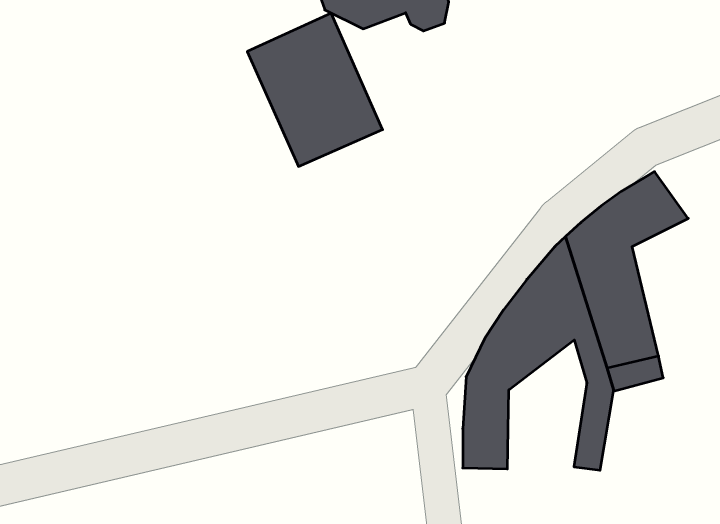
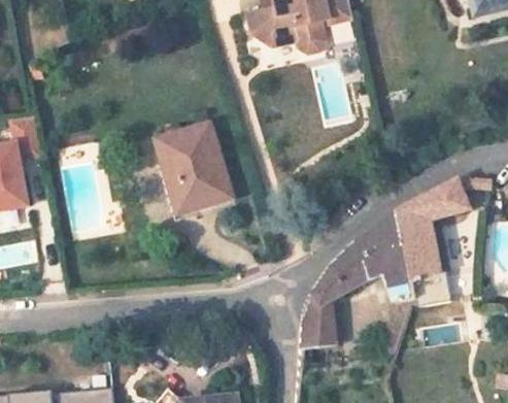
building: [247,13,383,166] -> [156,131,231,221]

